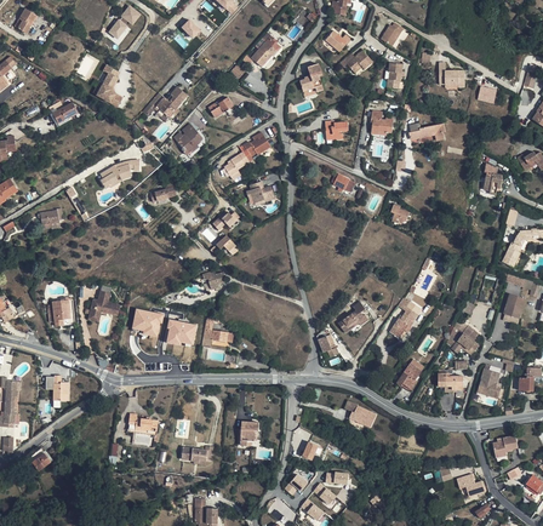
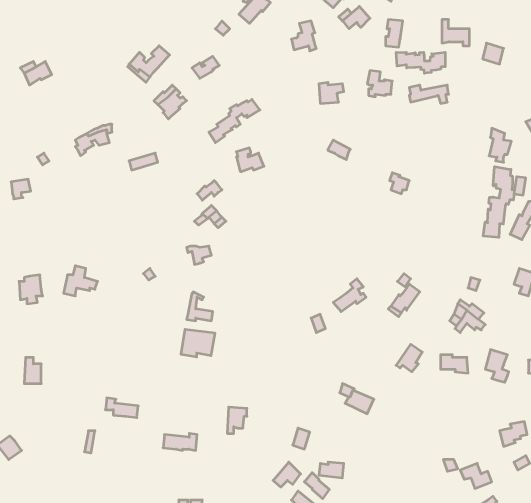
building: [95,63,122,108] -> none
building: none -> [396,52,445,73]
building: none -> [483,167,514,237]
building: [131,309,161,337] -> none
building: [165,320,196,345] -> [181,329,215,357]

